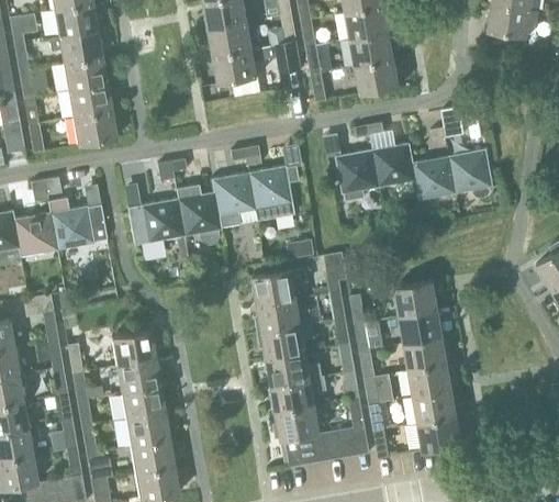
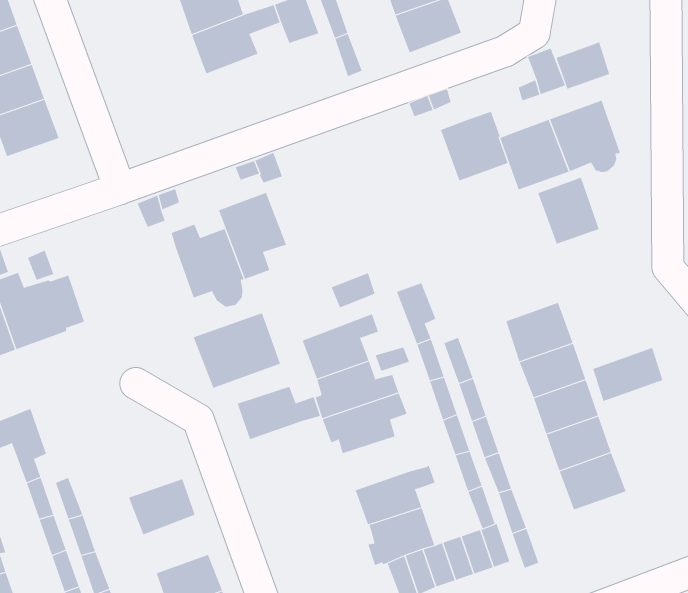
building: none -> [556,42,610,90]
building: [72,110,115,144] -> none
building: [335,149,379,200] -> none
building: [246,165,298,223] -> none
building: [126,198,183,244] -> [193,312,281,388]
building: none -> [537,177,599,244]
building: none -> [592,347,663,402]
building: [111,330,155,364] -> none
building: [267,354,323,386] -> [237,386,321,440]
building: [121,383,164,419] -> none
building: [418,419,461,450] -> none

